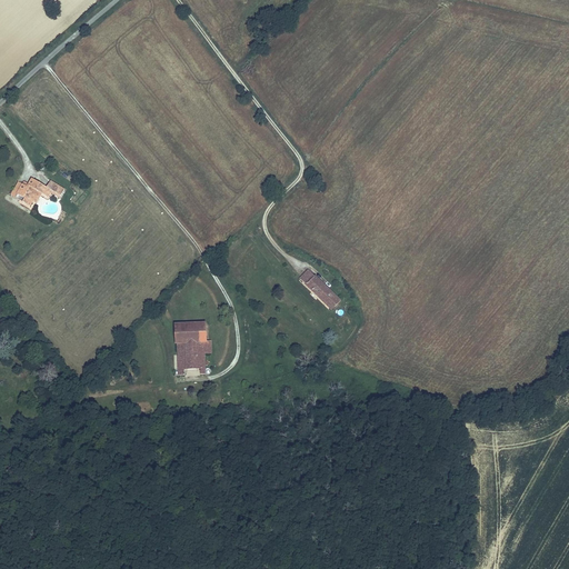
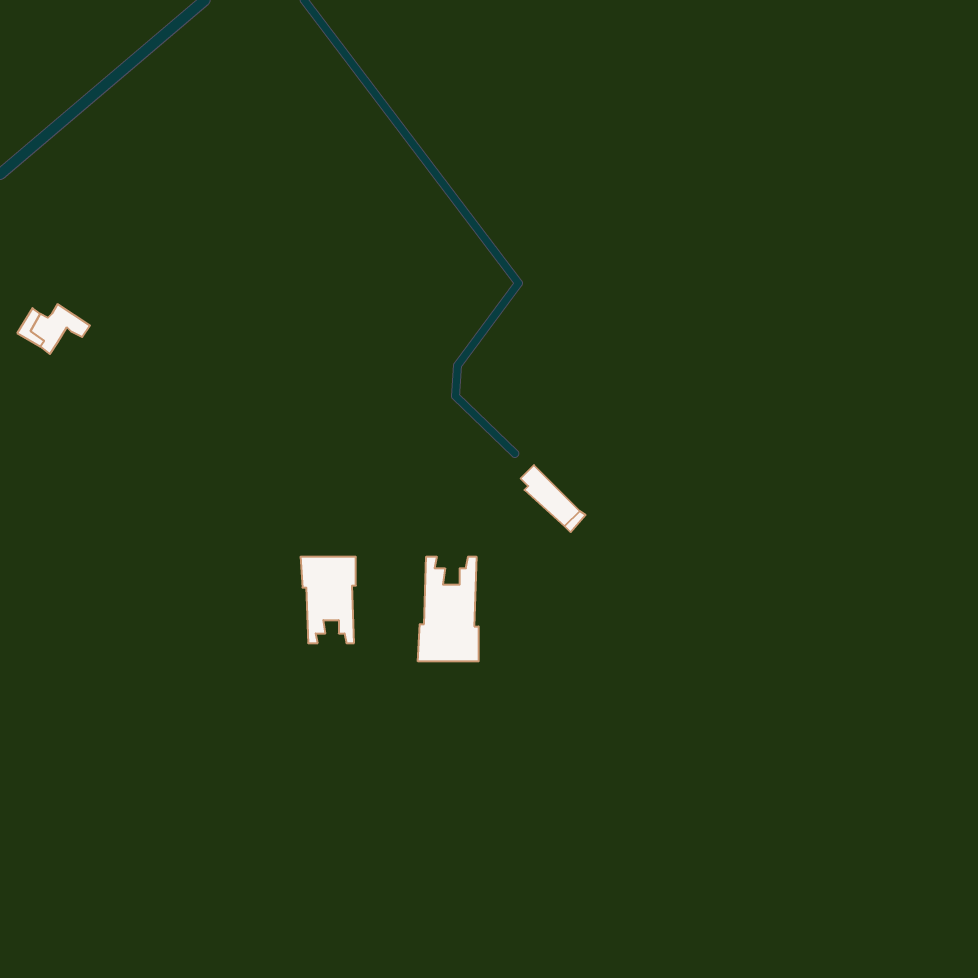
building: none -> [418,557,479,661]

